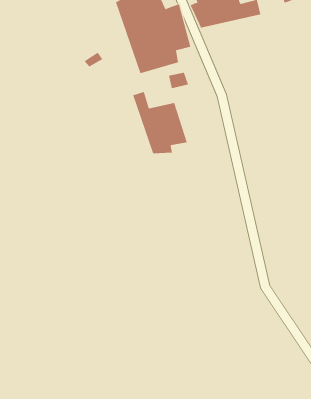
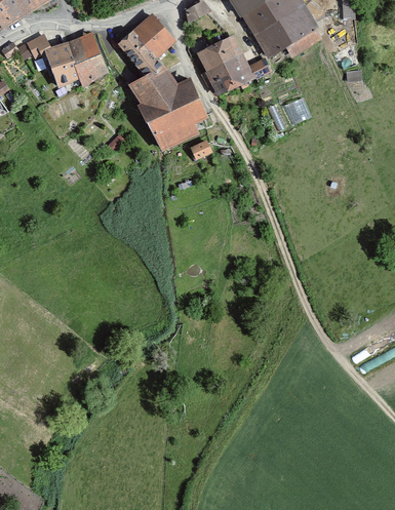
building: [133,91,187,154] -> none

